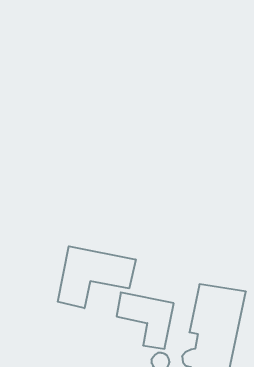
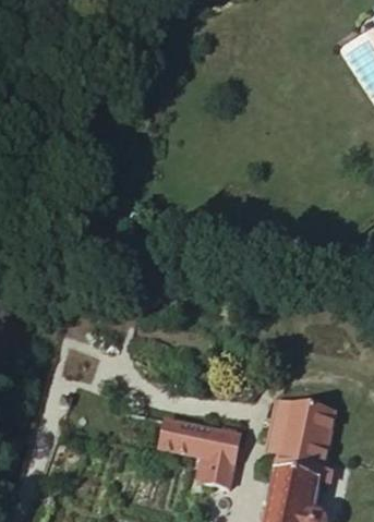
building: [58,246,136,308] -> none

